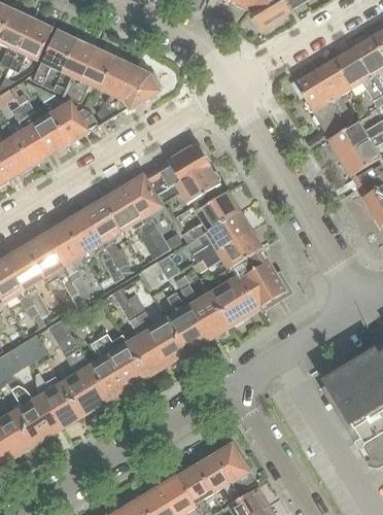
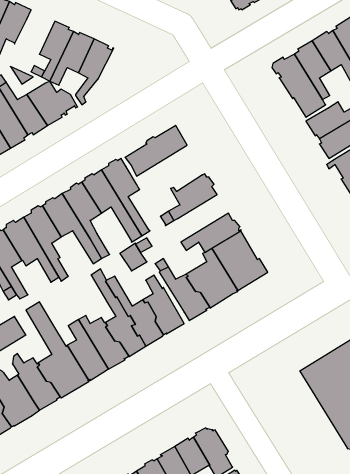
building: [32,28,76,83] -> none
building: [105,65,161,118] -> none
building: [158,162,223,208] -> none
building: [192,211,249,262] -> none

